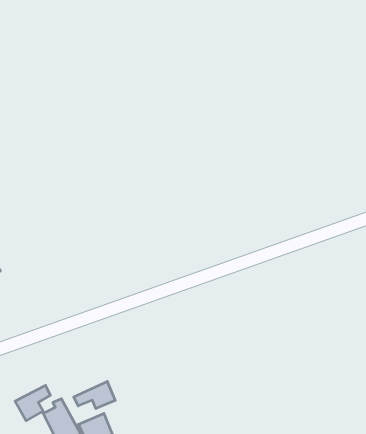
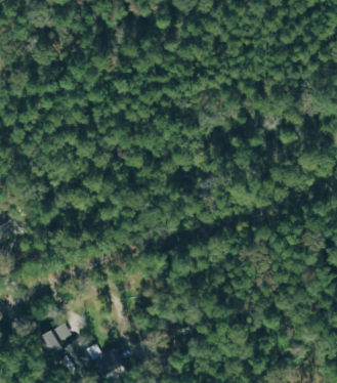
building: [74,381,115,409] -> none

